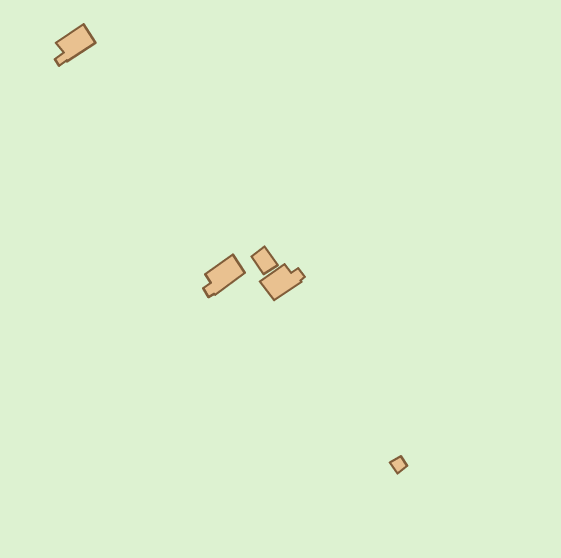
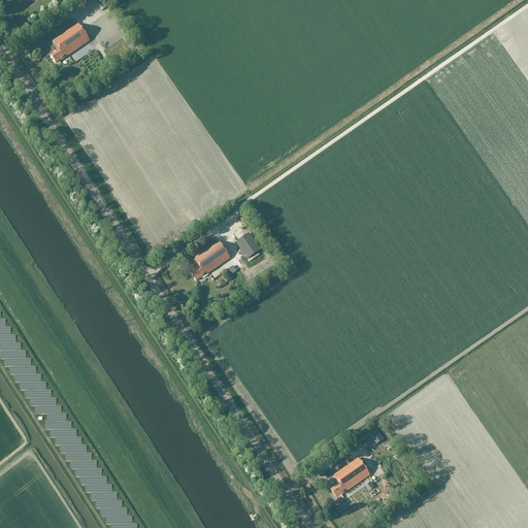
building: [260,264,305,300] -> none
building: none -> [330,457,370,496]

